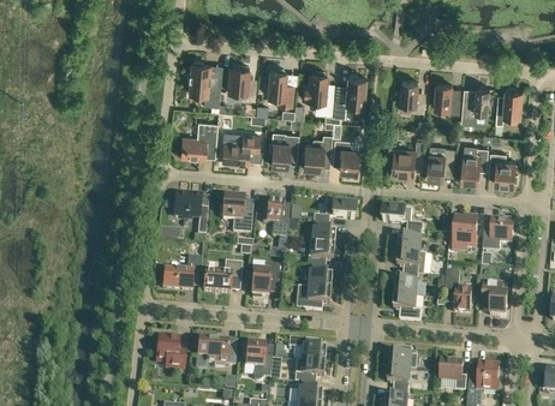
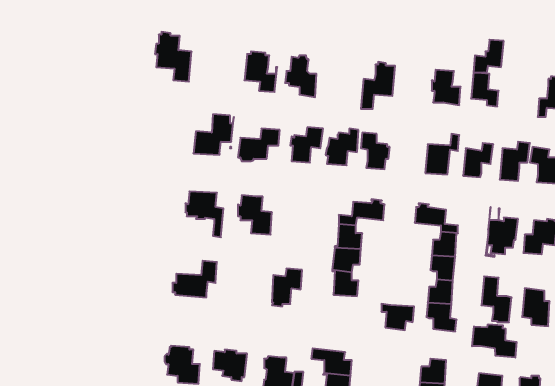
building: [187,60,221,106] -> [155,32,192,82]
building: [303,71,333,112] -> none
building: [462,86,490,117] -> [474,40,504,72]
building: [263,199,290,237] -> none
building: [204,261,243,292] -> none
building: [300,286,330,310] -> [381,304,414,330]
building: none -> [472,324,517,358]

